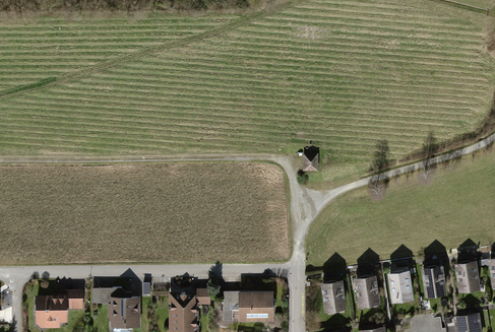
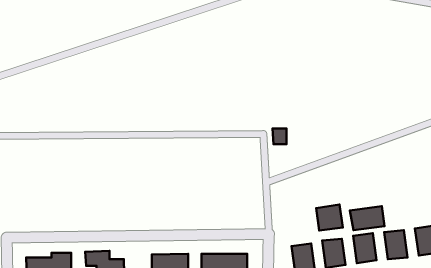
building: none -> [316,204,343,231]
building: none -> [350,206,384,230]

